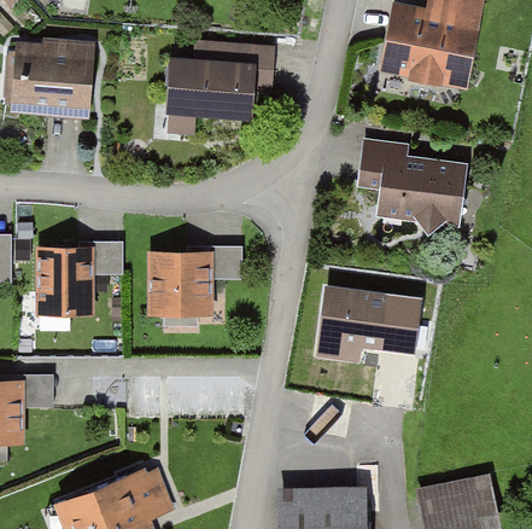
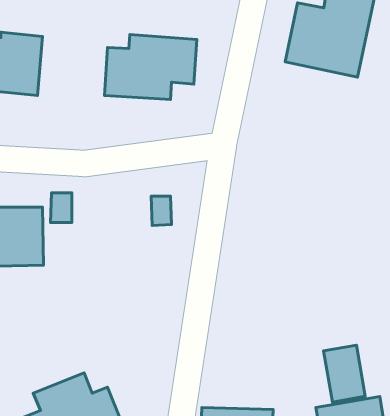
building: [361,141,463,237] -> none
building: [146,252,212,316] -> none
building: [315,285,425,364] -> none
building: none -> [323,345,365,402]

